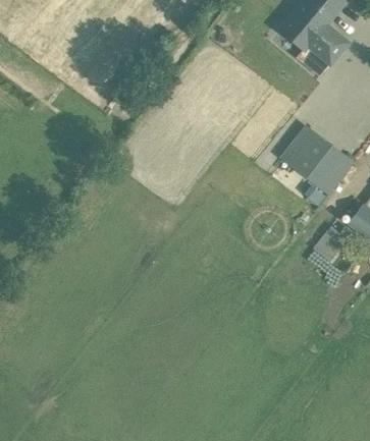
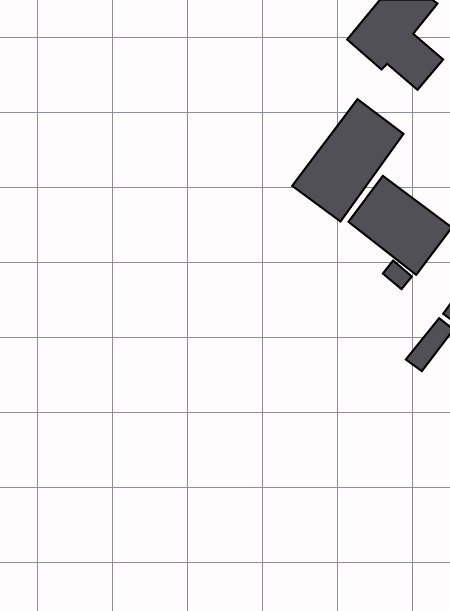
building: none -> [292,99,404,221]

